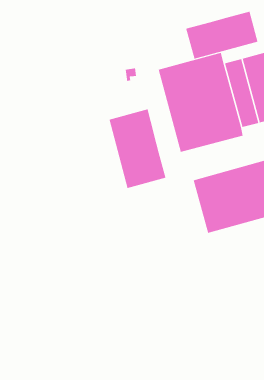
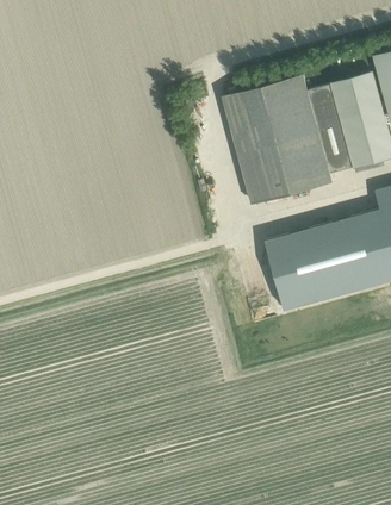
building: [186,11,258,59] -> none
building: [109,109,166,189] -> none

